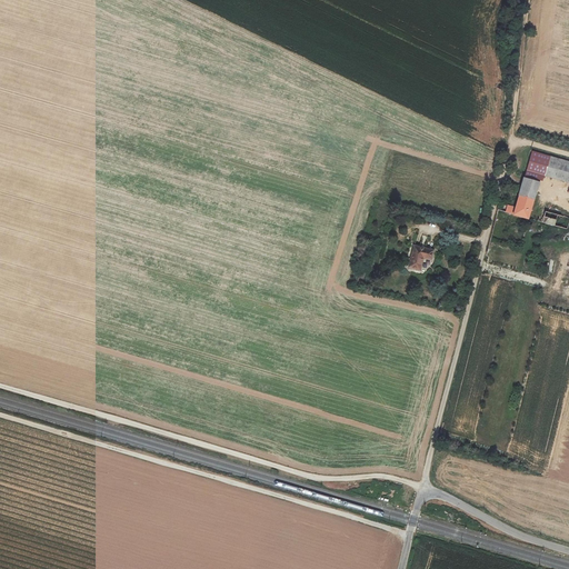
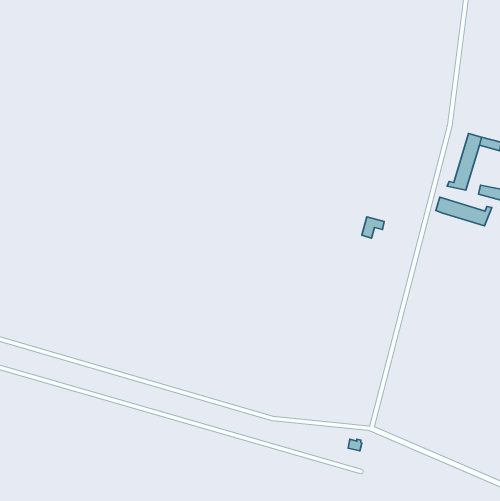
building: none -> [436,197,492,226]

